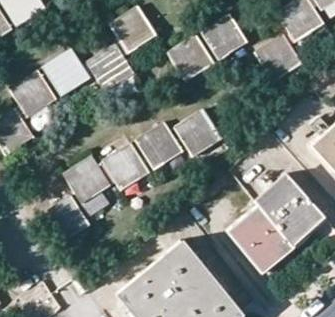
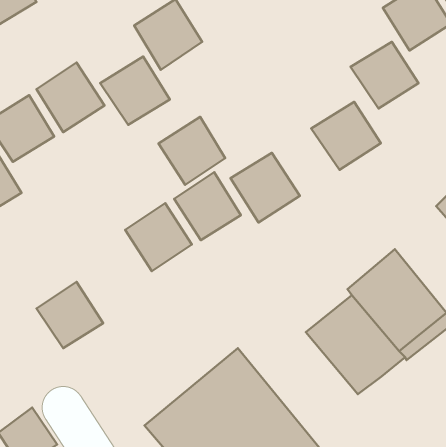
building: [201,13,248,59] -> [311,102,381,170]
building: [169,34,214,80] -> [159,117,225,185]
building: [65,155,111,202] -> none

